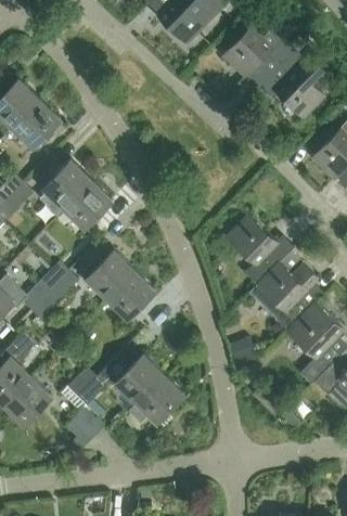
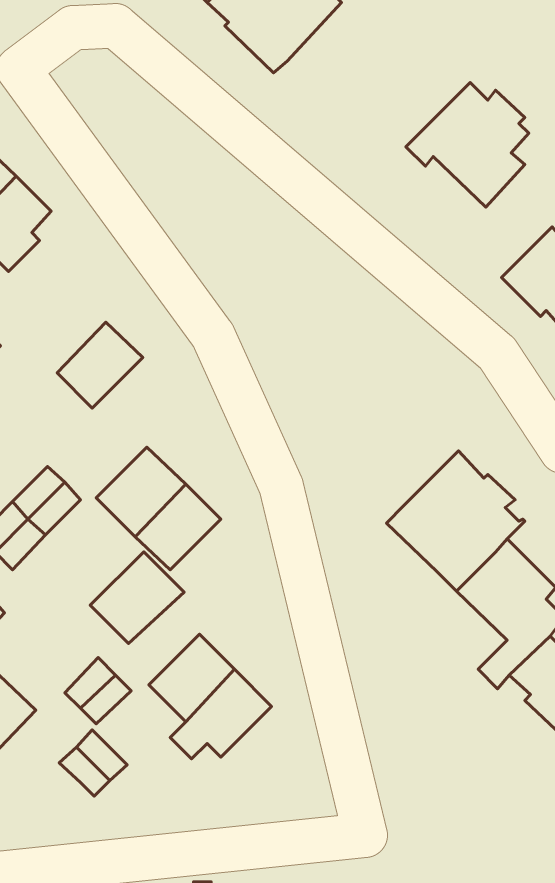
building: [222,18,294,83] -> none
building: [43,160,91,209] -> none
building: [227,215,295,283] -> none
building: none -> [90,552,184,643]

